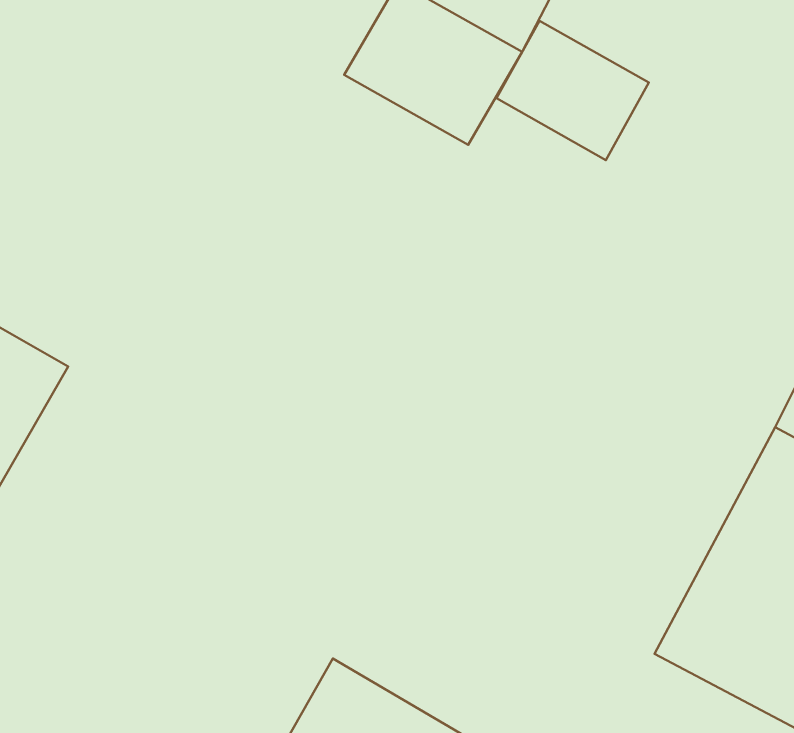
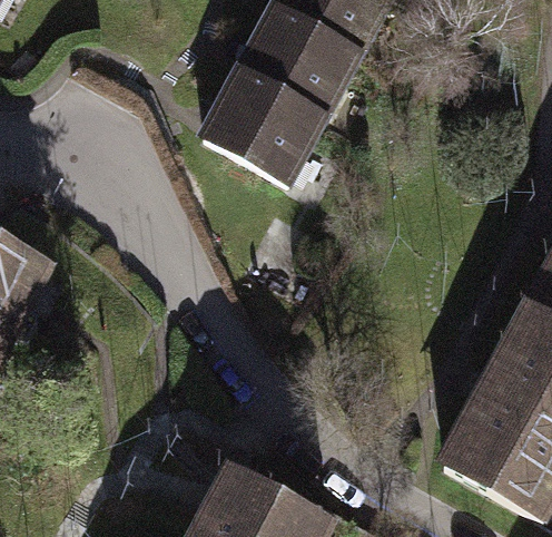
building: [497,21,649,160] -> none
building: none -> [201,71,321,180]

